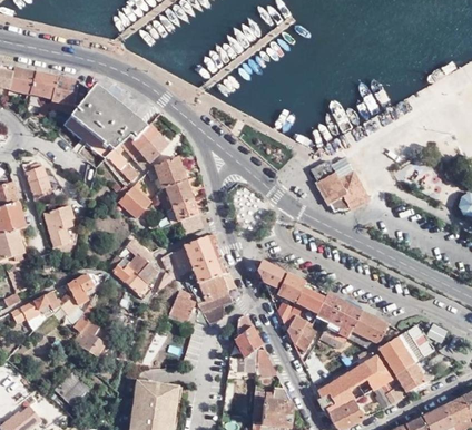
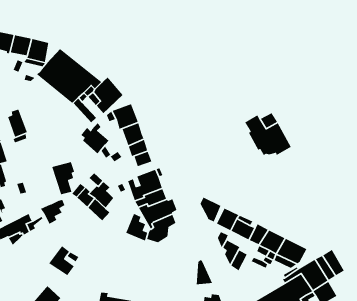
building: [42,205,71,246] -> [51,161,75,195]
building: [234,312,262,378] -> none

